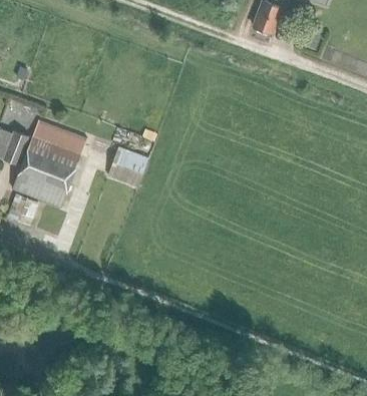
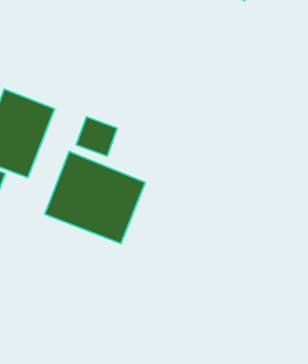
building: none -> [45,151,145,243]

